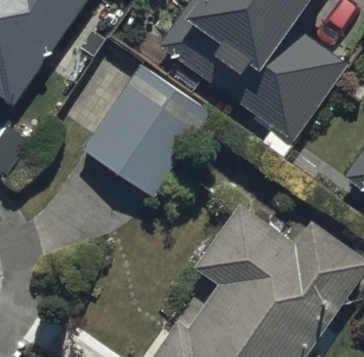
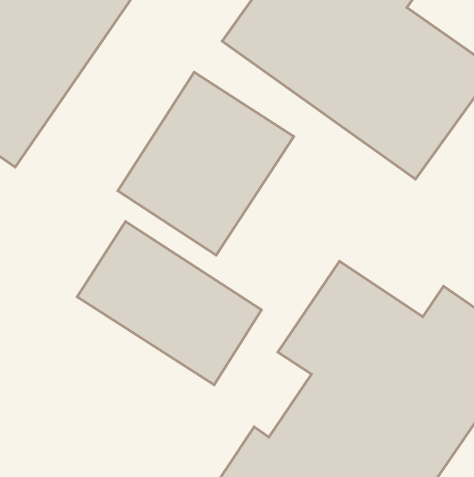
building: none -> [77,222,261,385]

